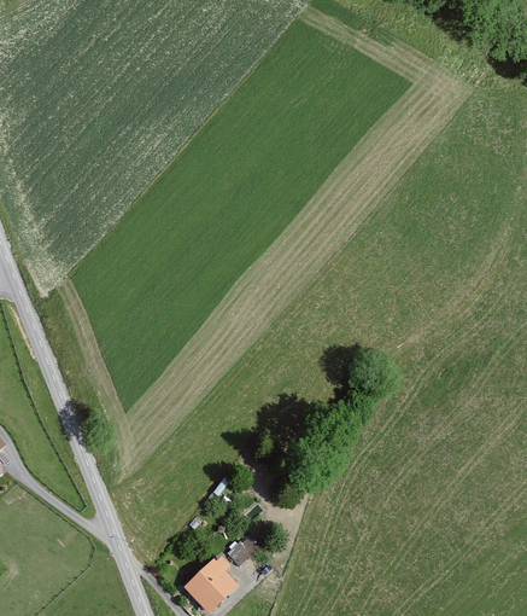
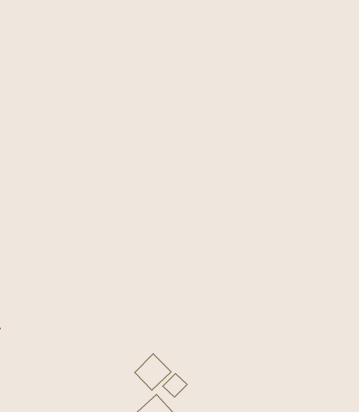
building: none -> [135,354,171,390]

